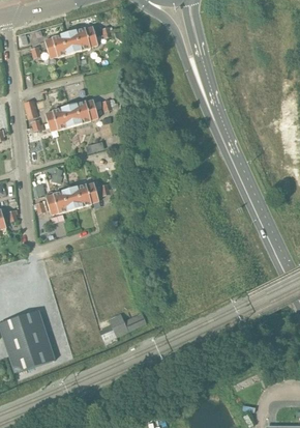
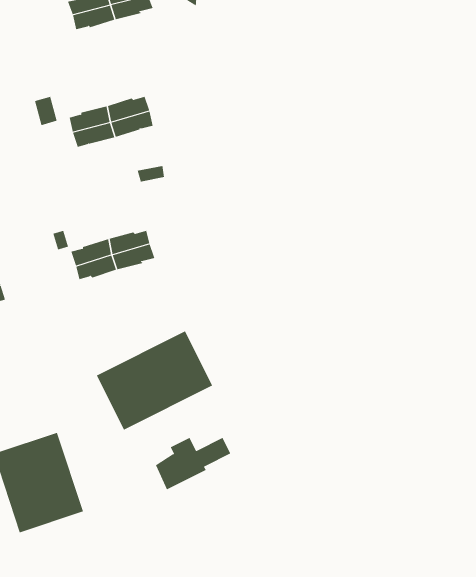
building: none -> [96,330,213,430]

